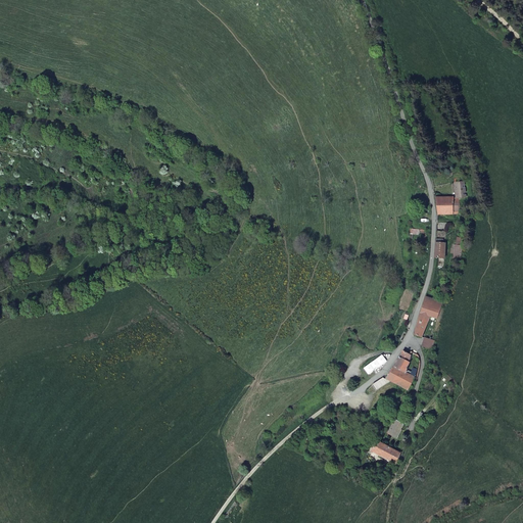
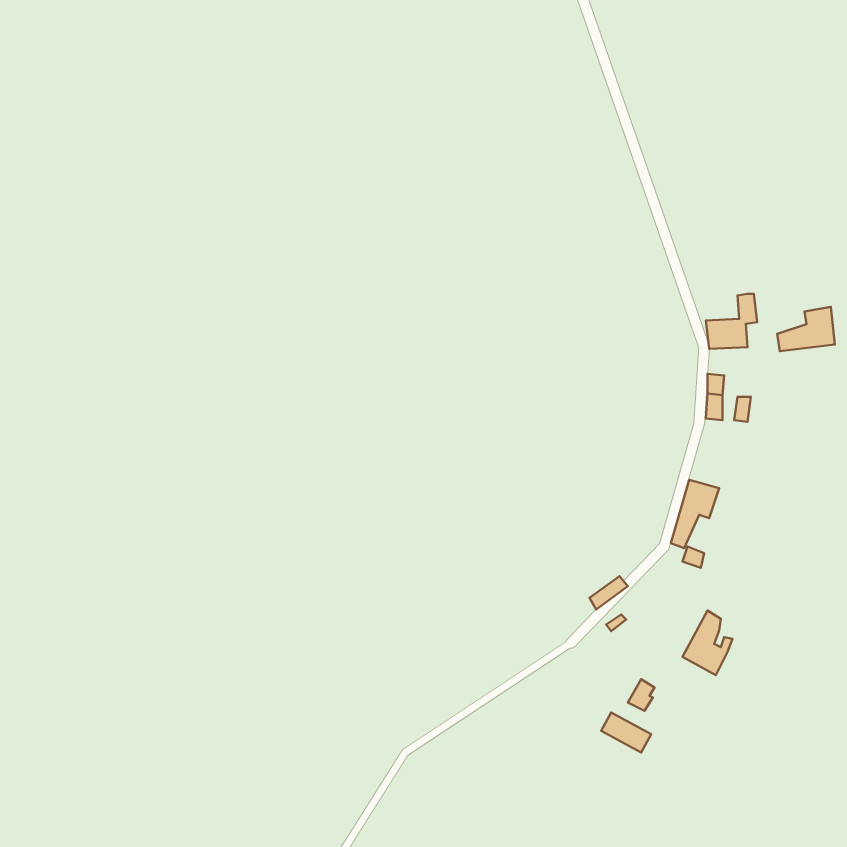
building: none -> [777,307,835,351]
building: [386,350,417,390] -> [683,610,732,675]

